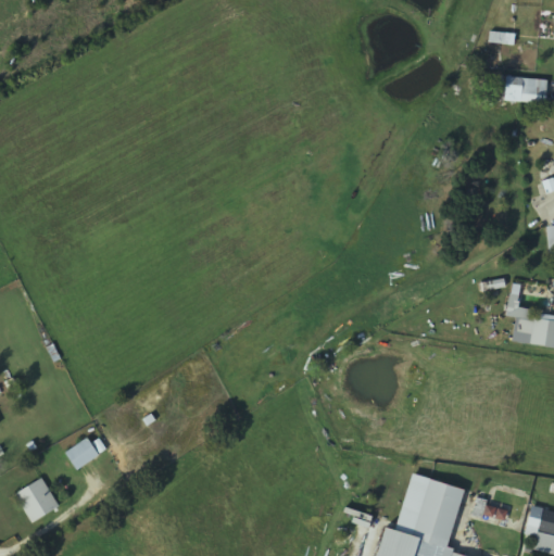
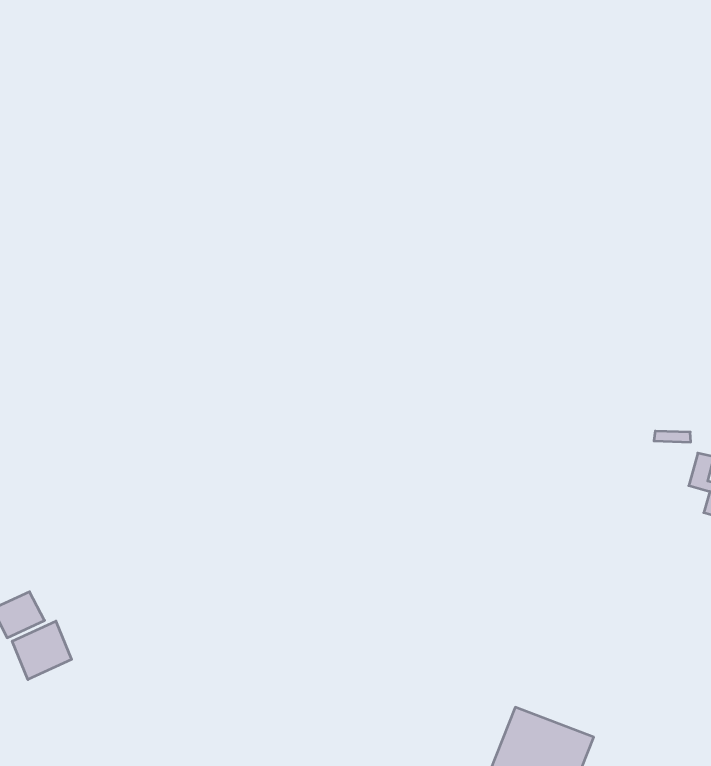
building: none -> [12,621,72,680]

